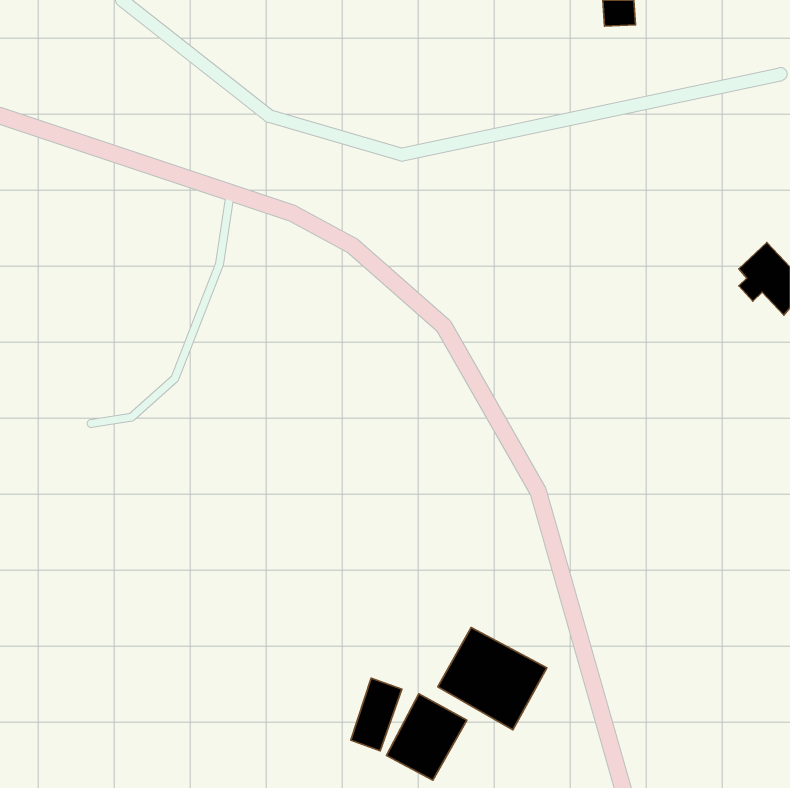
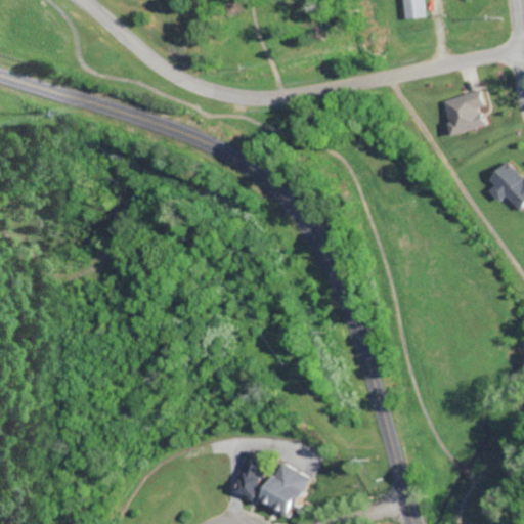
building: none -> [443,90,485,134]
building: [438,628,547,730] -> none

